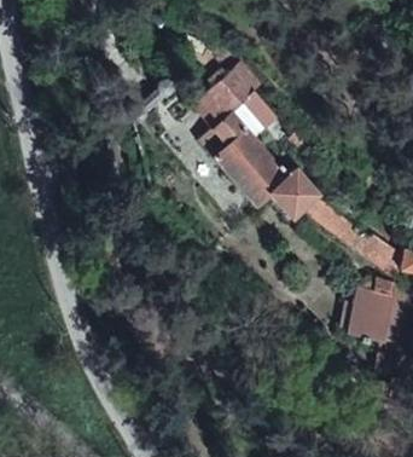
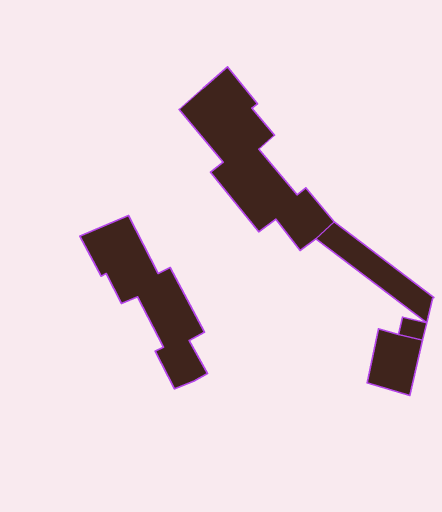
building: none -> [80,215,207,389]

